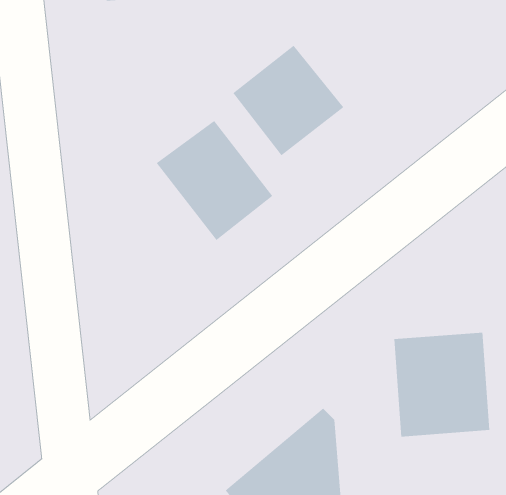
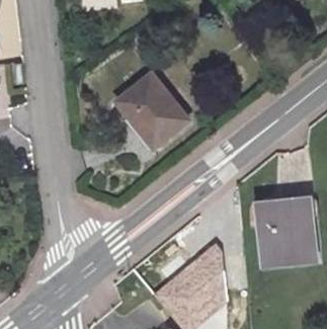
building: [233,45,344,156] -> none

